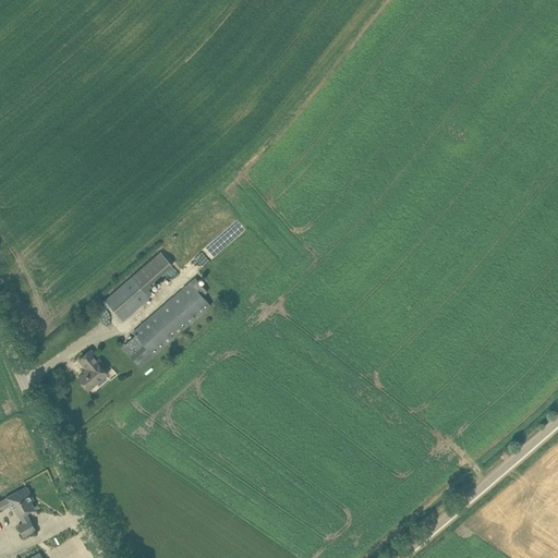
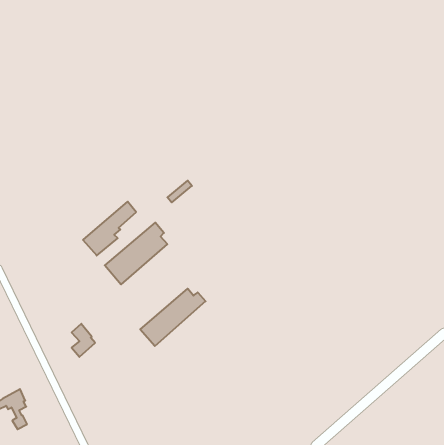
building: [76,350,106,391] -> [72,324,95,357]
building: none -> [140,289,206,346]

